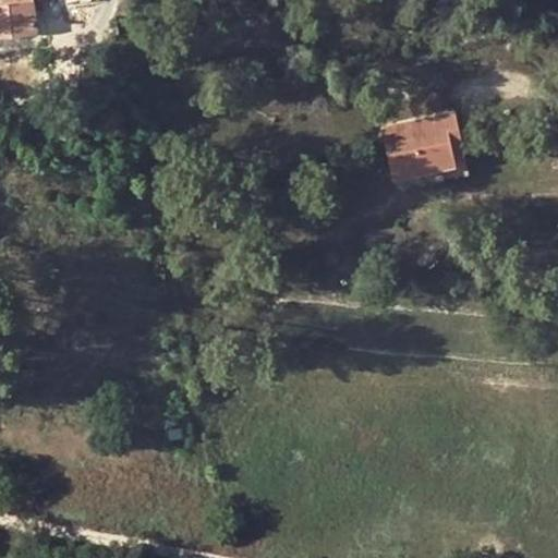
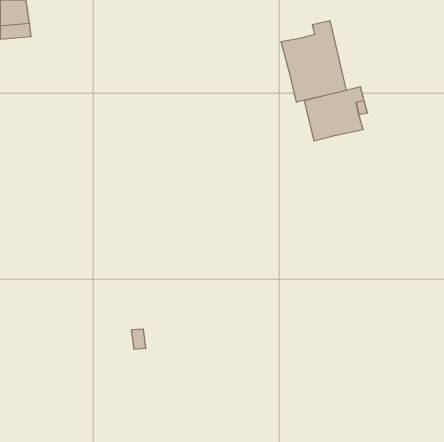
building: none -> [281,21,346,102]

